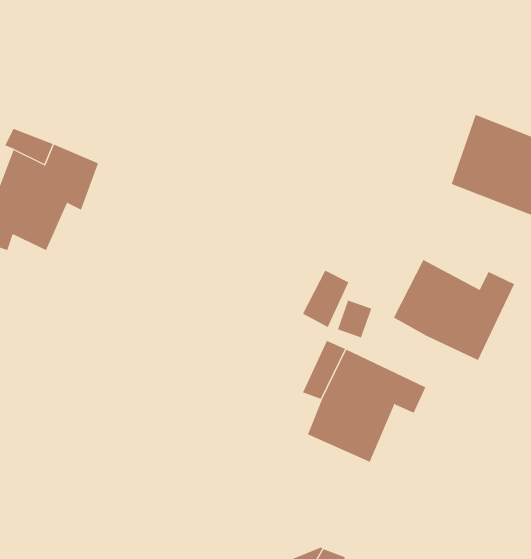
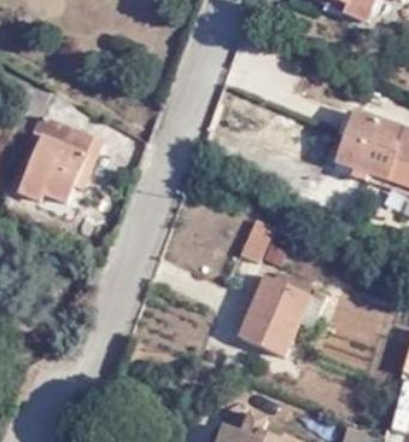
building: [393,259,515,361] -> none

